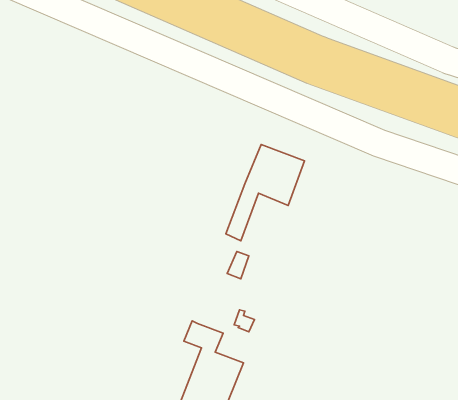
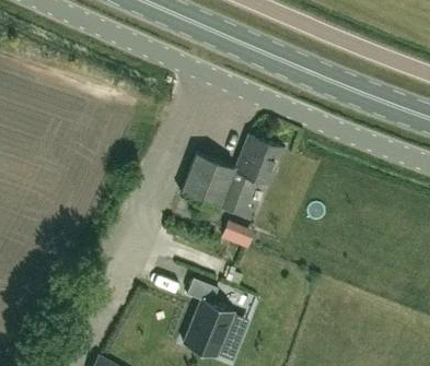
building: none -> [184,154,237,209]

